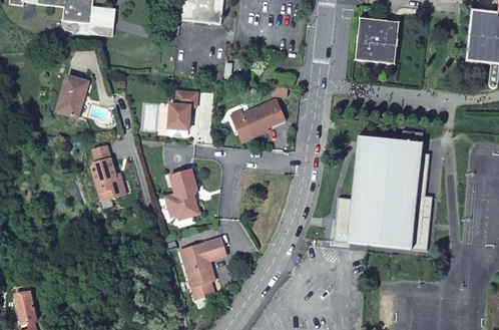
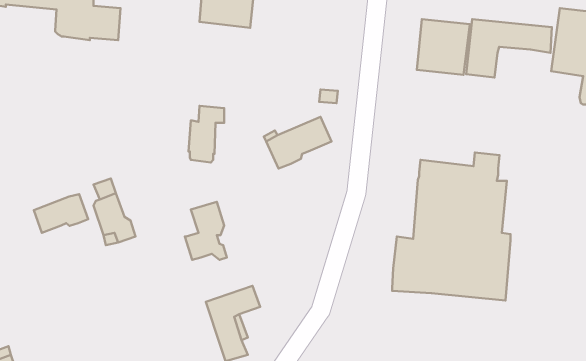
building: none -> [466,19,552,77]
building: [57,75,89,117] -> none
building: none -> [34,194,88,233]

